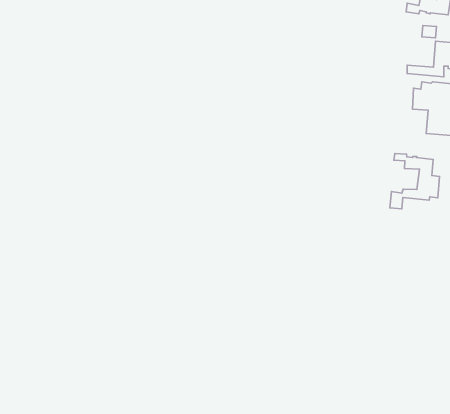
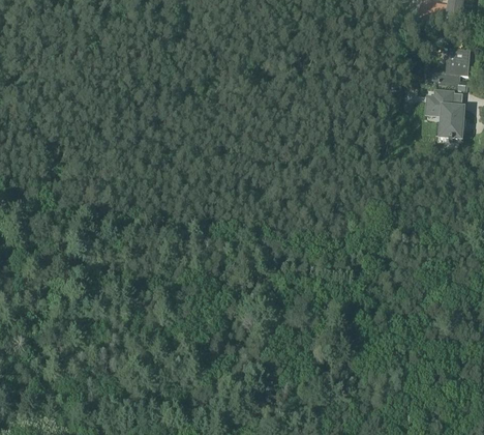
building: [390,153,440,209] -> none

